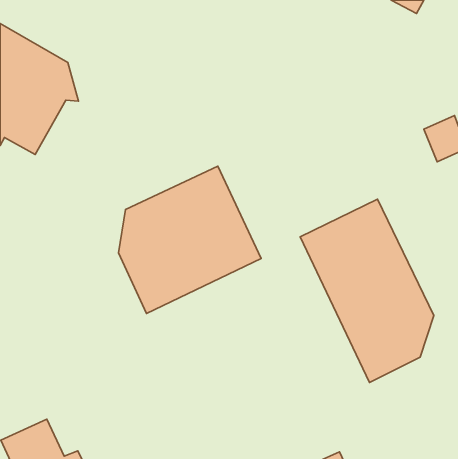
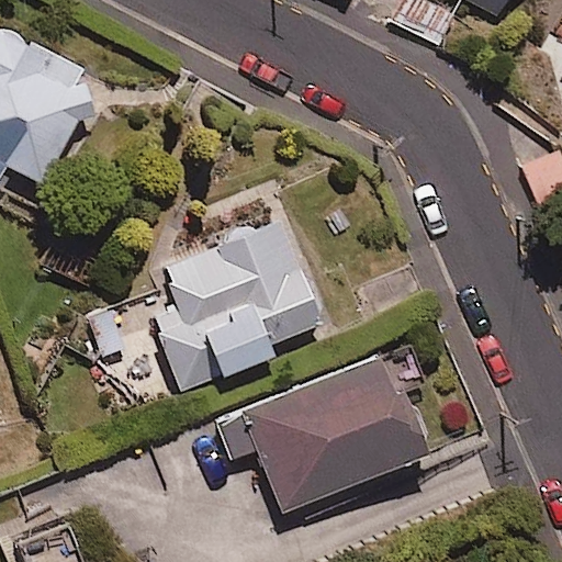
building: [300,199,434,382] -> none
building: none -> [216,355,429,522]

